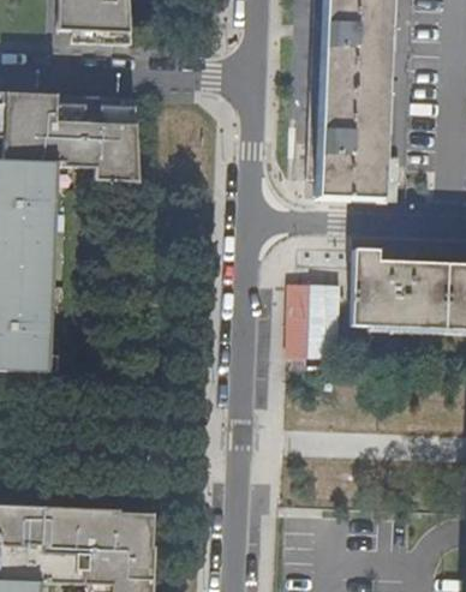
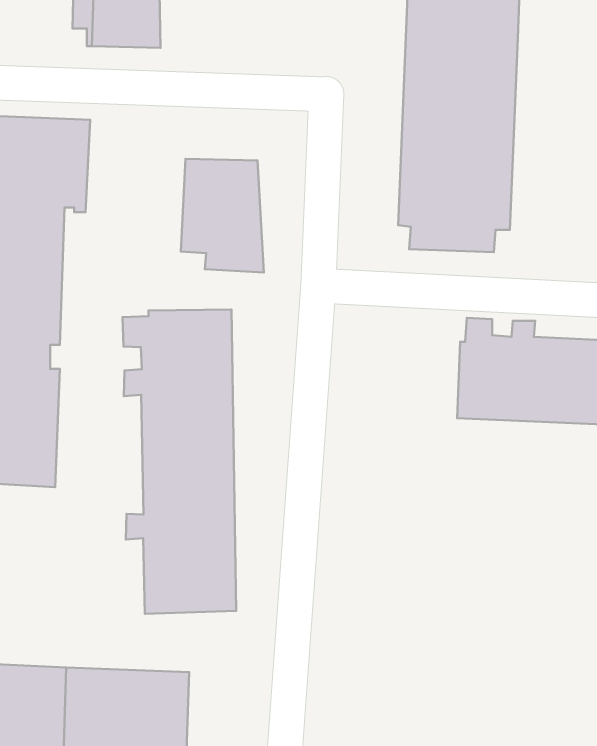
building: [72,98,135,184] -> [181,159,264,272]
building: none -> [122,309,236,614]
building: [289,283,345,358] -> none

